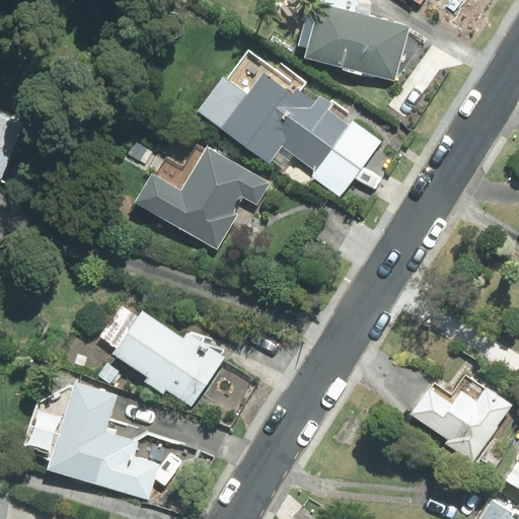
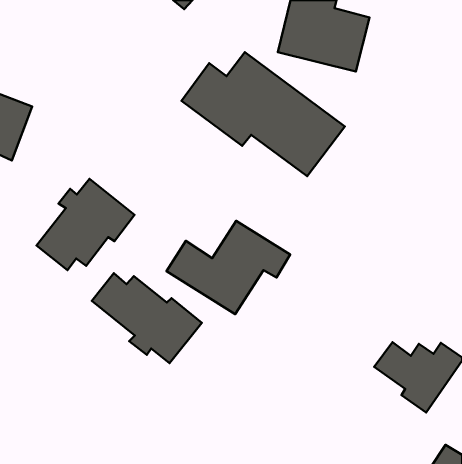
building: [132,145,269,248] -> [166,221,290,314]
building: none -> [37,179,135,270]
building: [20,379,163,506] -> none

